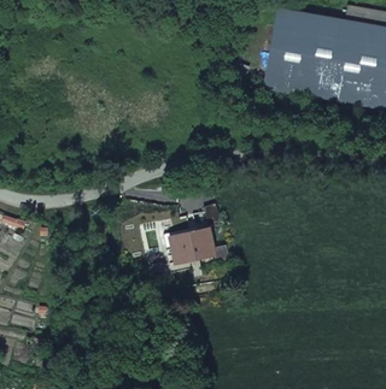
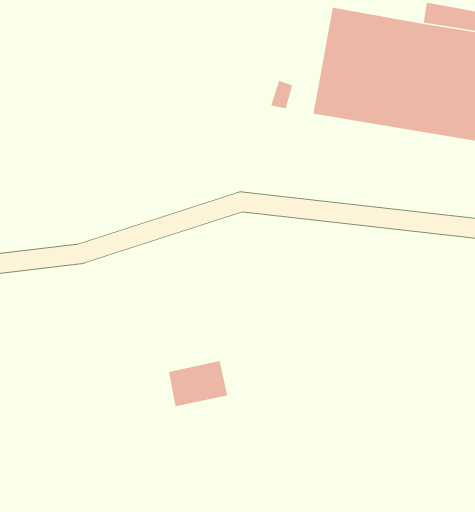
building: [170,228,215,263] -> [168,360,228,407]

